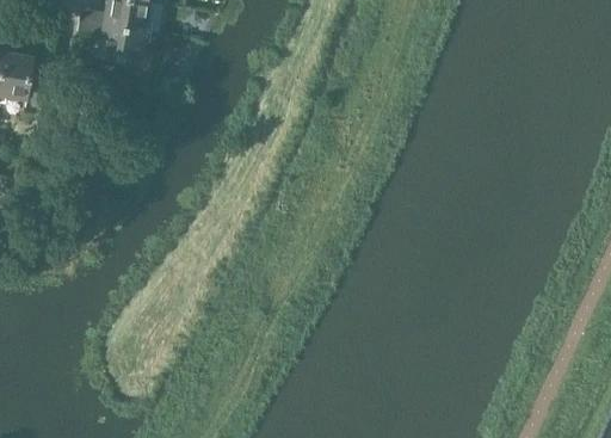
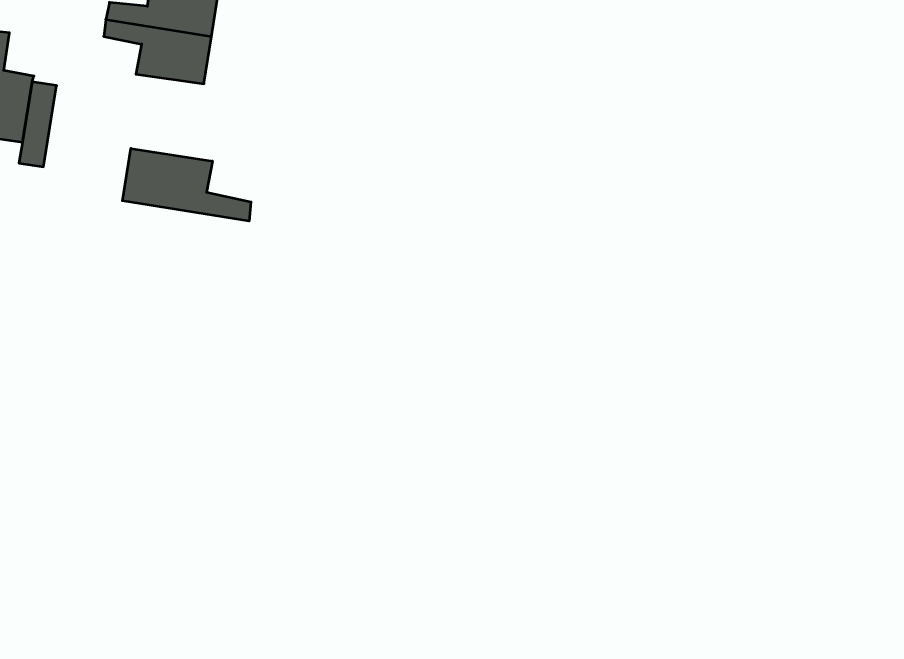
building: none -> [122,148,251,221]

